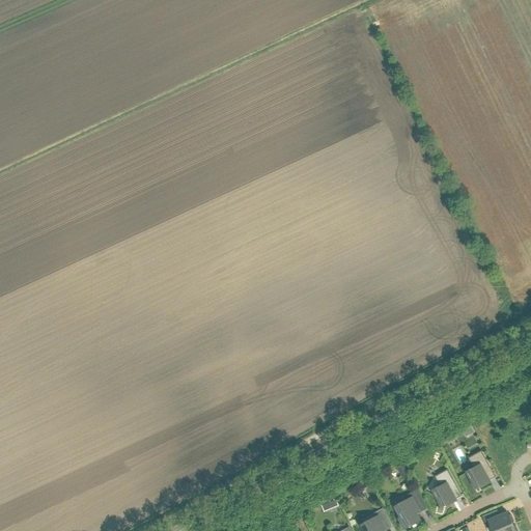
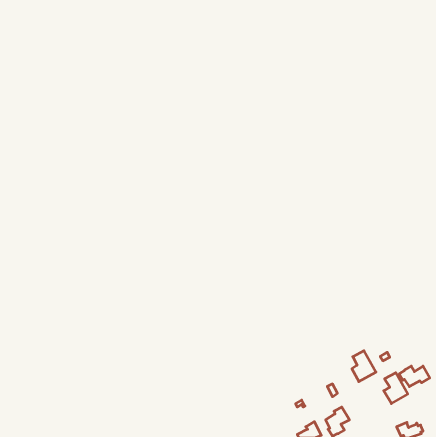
building: none -> [399,366,430,387]
building: [431,471,460,508] -> [352,351,376,382]

